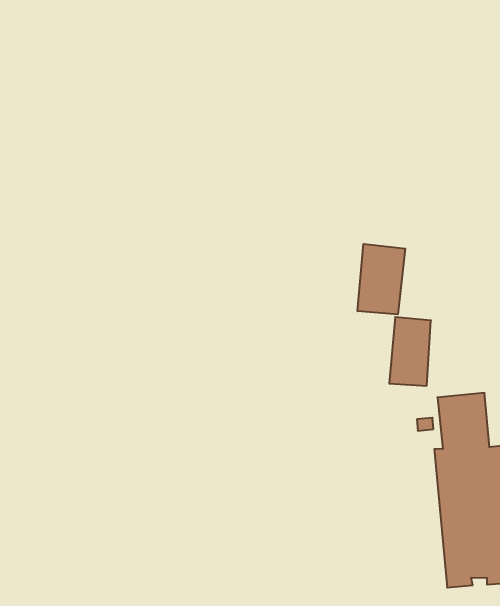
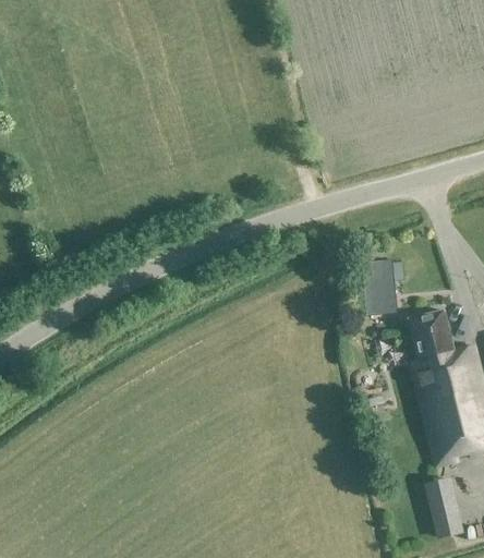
building: [358,244,405,314] -> none

